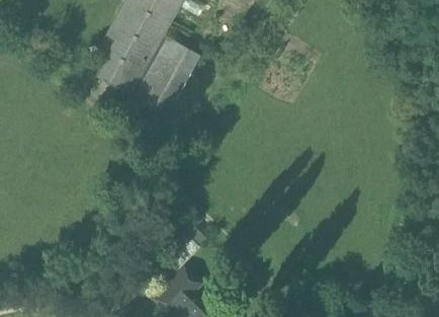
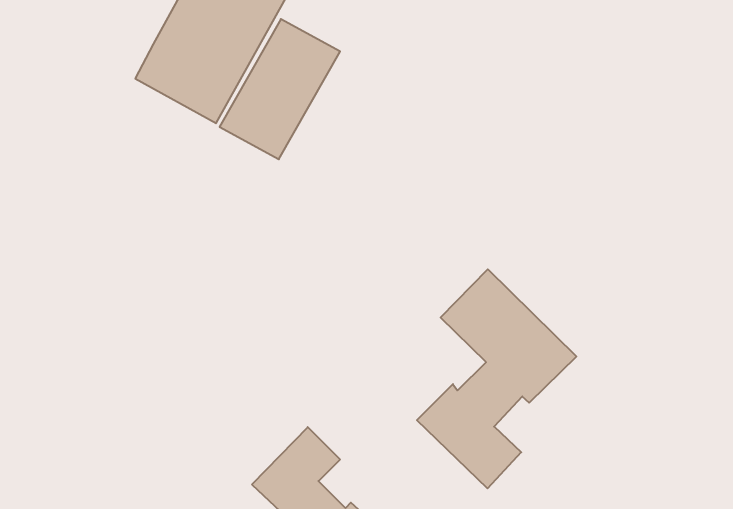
building: none -> [417,269,576,488]

